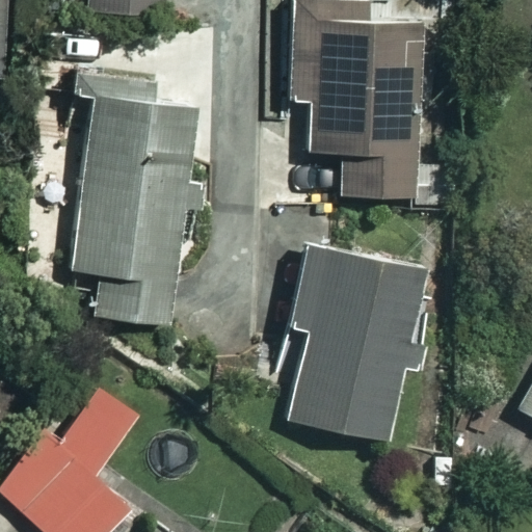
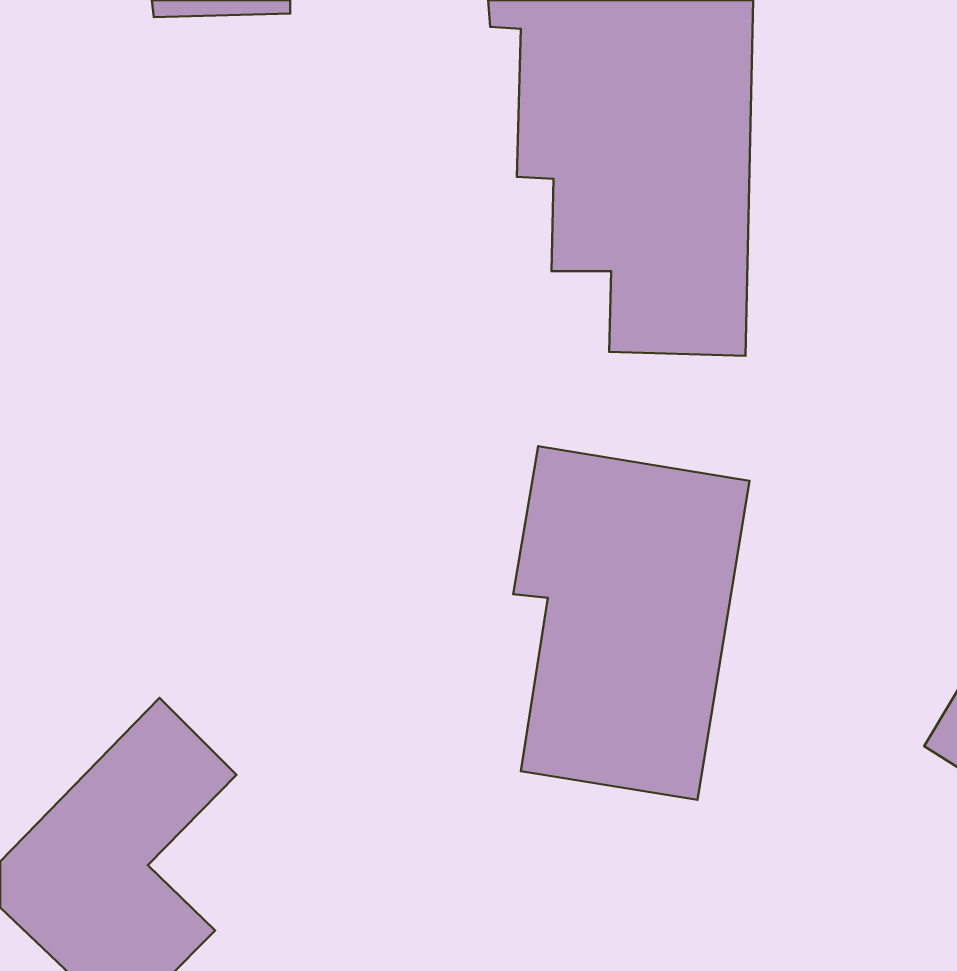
building: [77,97,179,321] -> none

